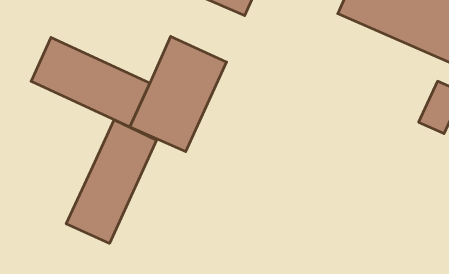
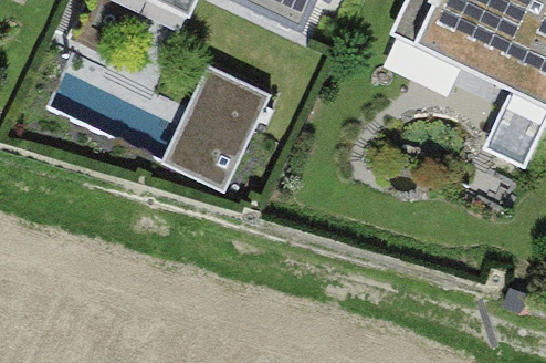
building: [66,120,157,243] -> none

